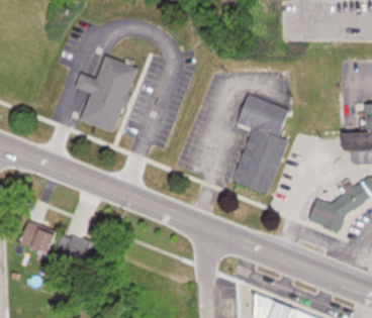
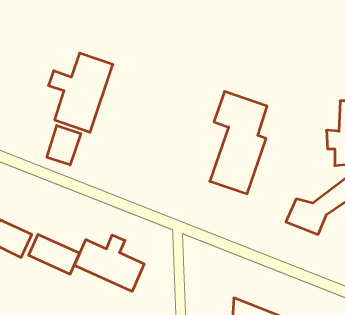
building: none -> [47,125,81,165]
building: none -> [74,235,144,291]

